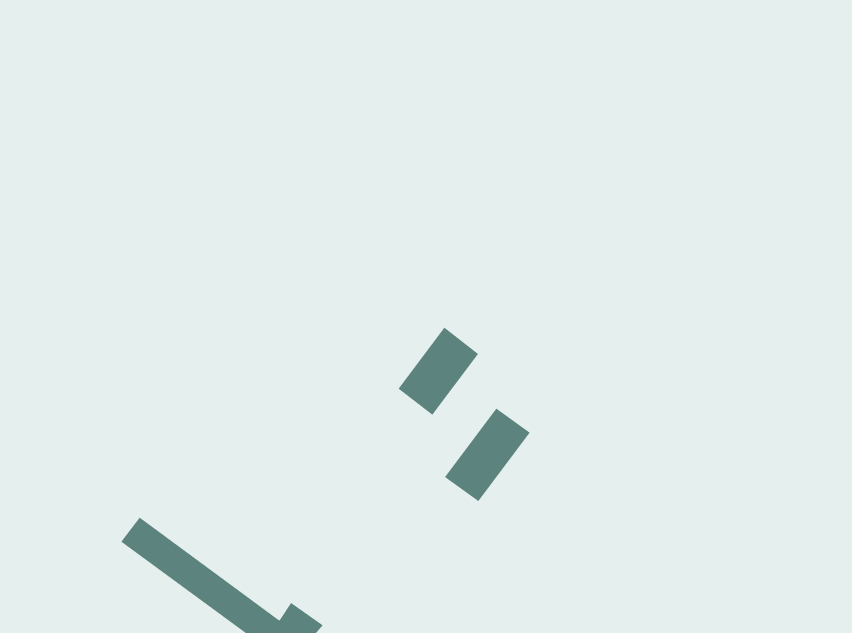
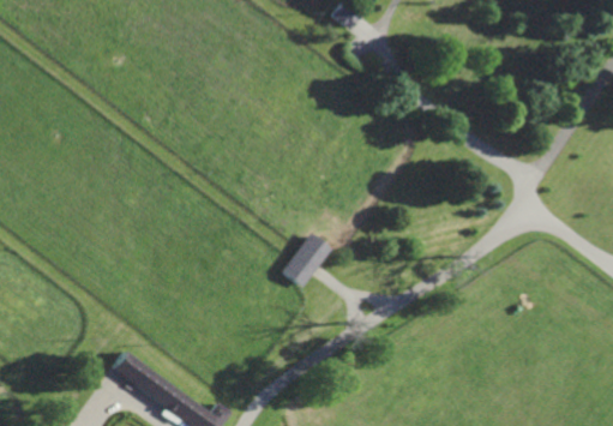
building: [444,408,531,502] -> none

